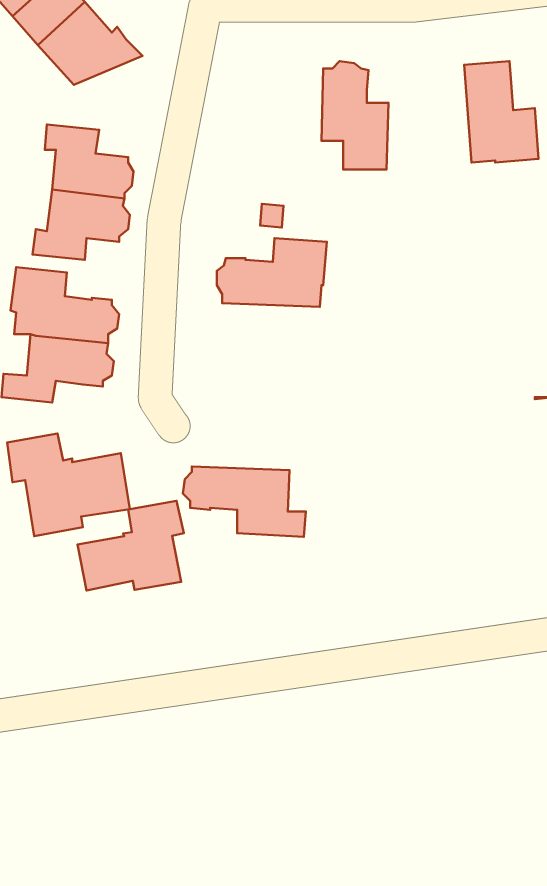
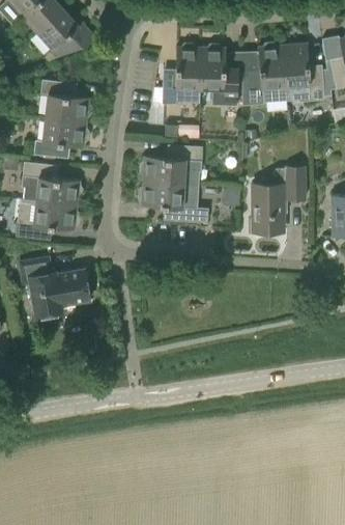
building: none -> [243,43,286,106]
building: none -> [163,44,201,105]
building: none -> [252,164,305,234]
building: [183,466,306,537] -> [138,183,208,223]
building: [78,501,184,590] -> none

